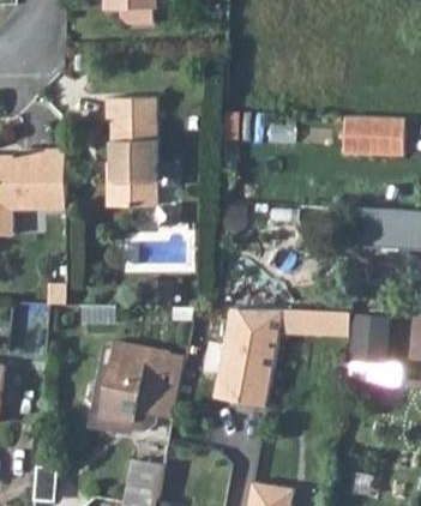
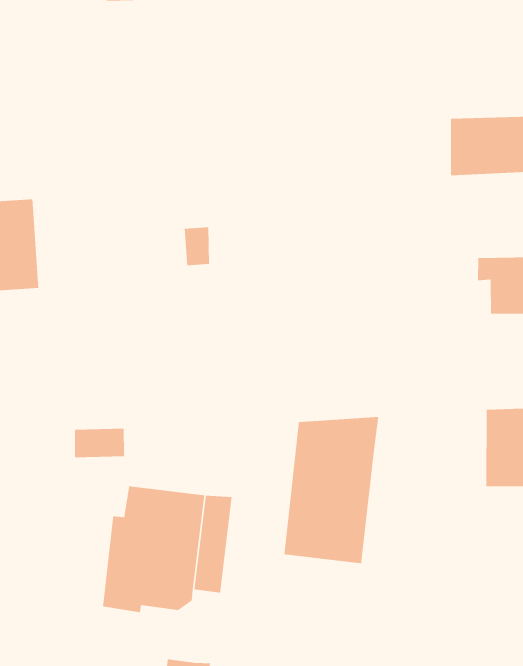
building: [107,100,156,206] -> none
building: [281,309,351,335] -> none

